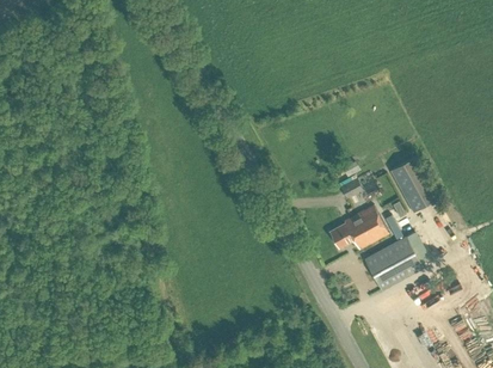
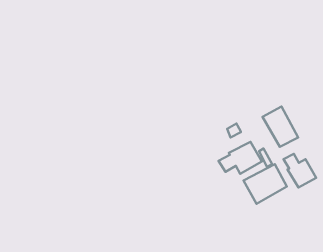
building: none -> [284,154,316,187]

